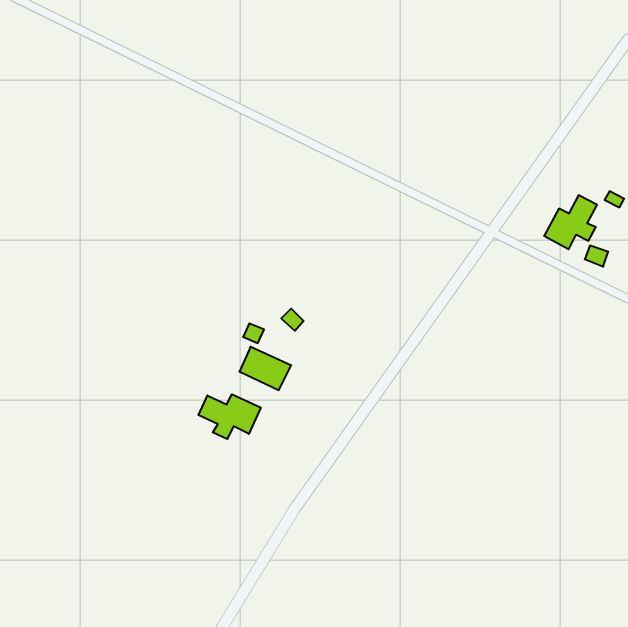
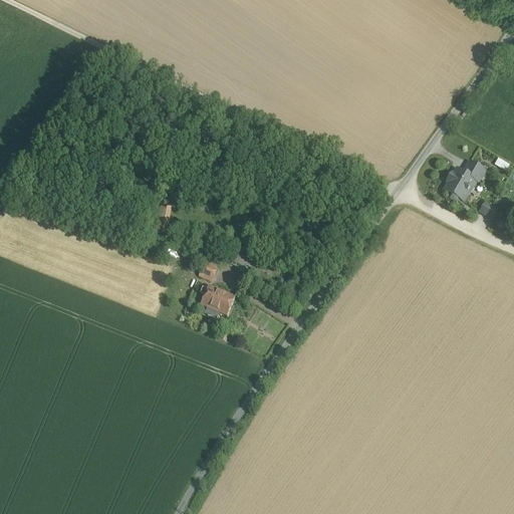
building: [198,394,261,439] -> none

